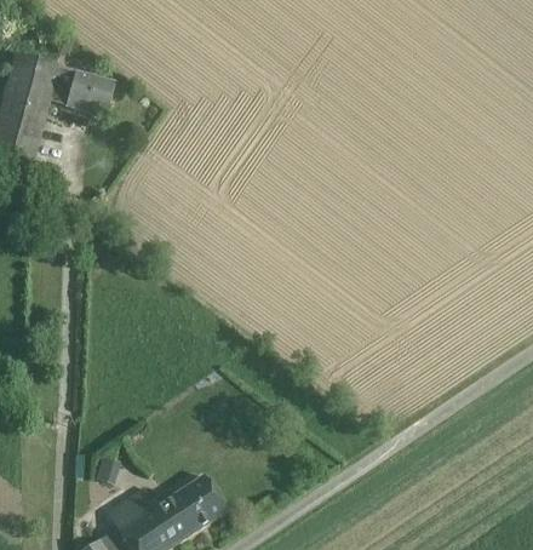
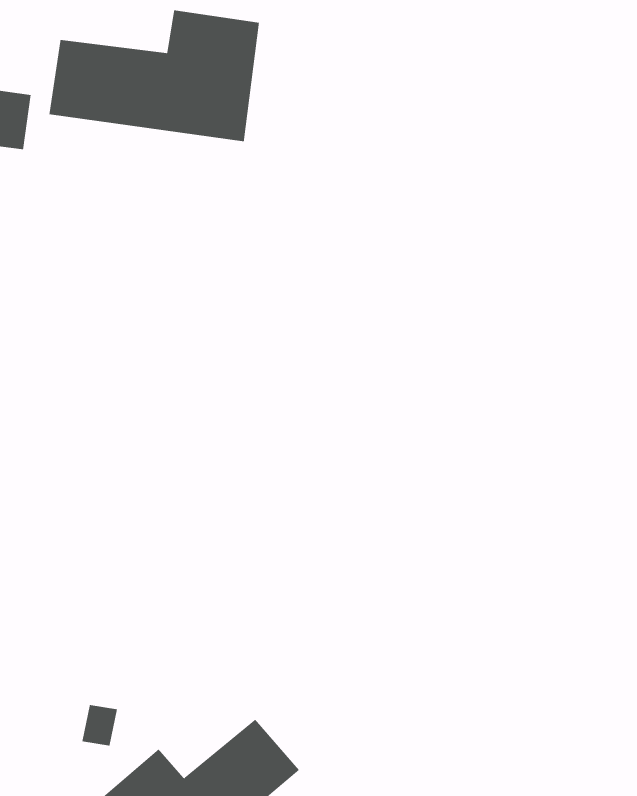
building: none -> [49,9,260,142]

